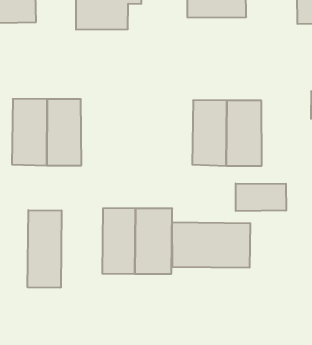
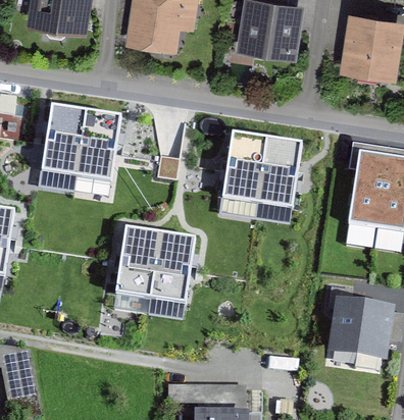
building: [236,183,286,211] -> none
building: [28,210,62,288] -> none
building: [172,222,250,268] -> none

